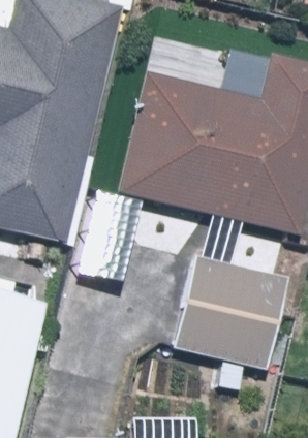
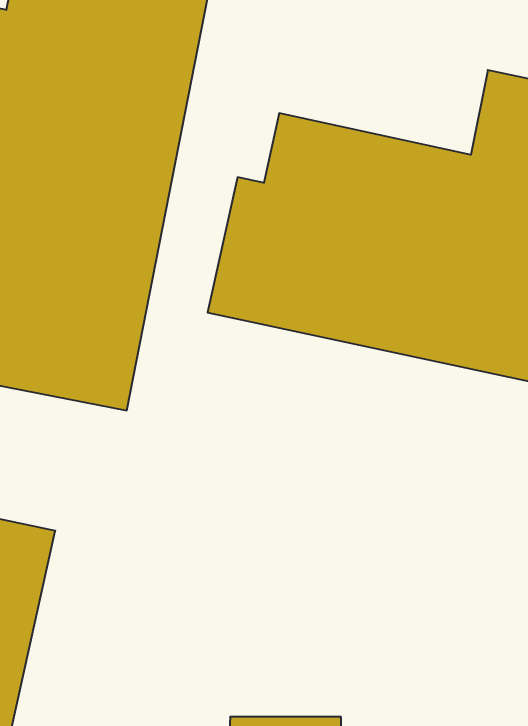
building: [180,255,286,367] -> none

